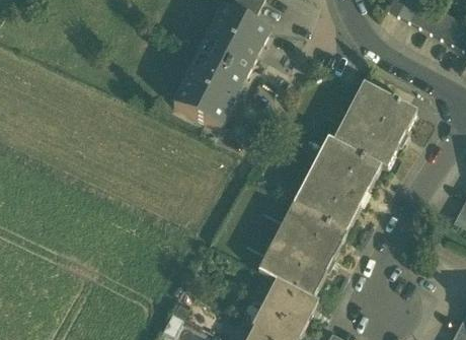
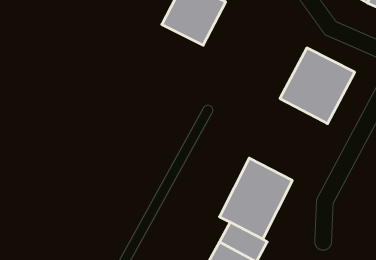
building: [175,57,245,126] -> none
building: [297,140,380,232] -> none

